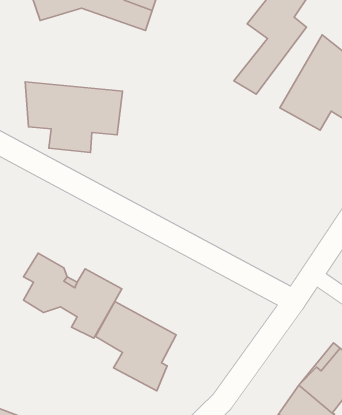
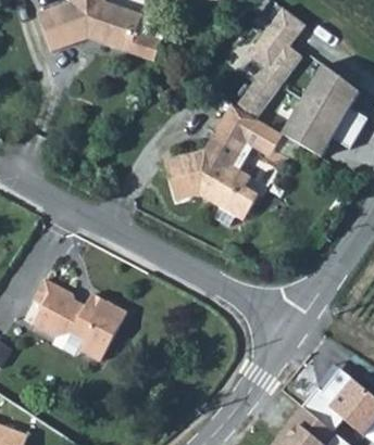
building: none -> [161,106,284,226]
building: [25,82,123,153] -> none
building: [96,302,176,391] -> none

